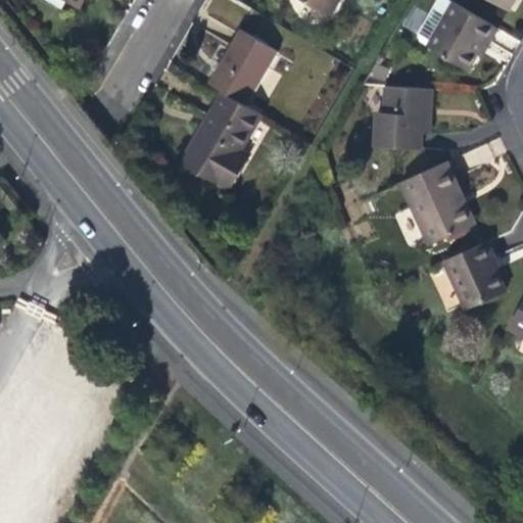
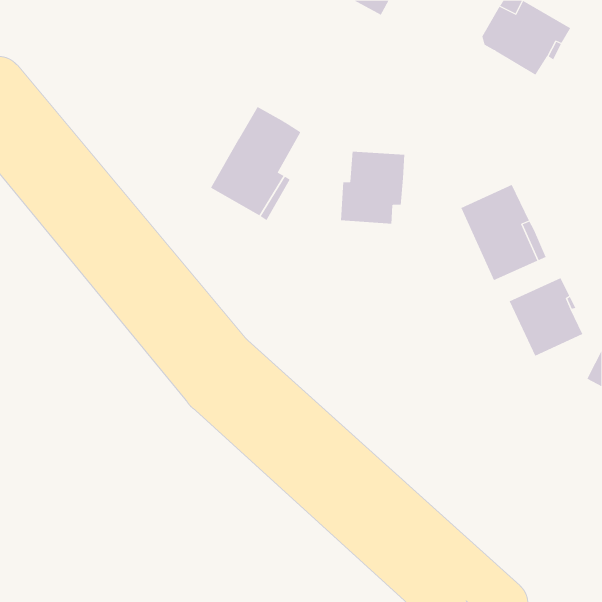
building: [208,31,277,106] -> none
building: [375,85,431,148] -> [340,151,405,224]

